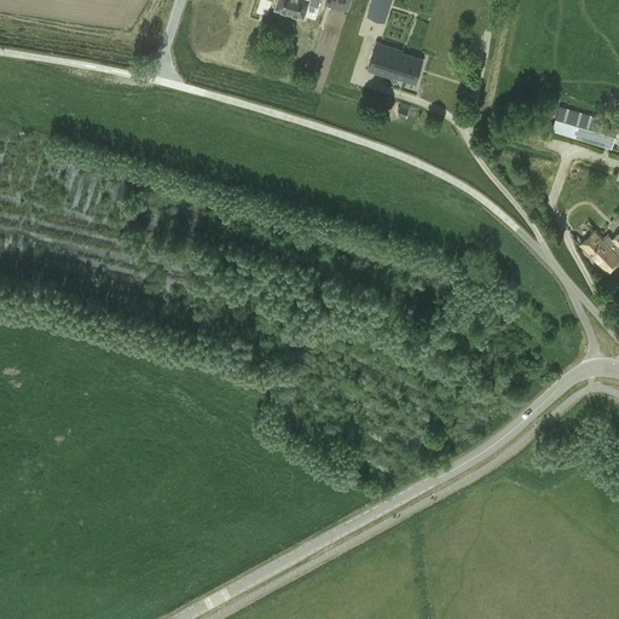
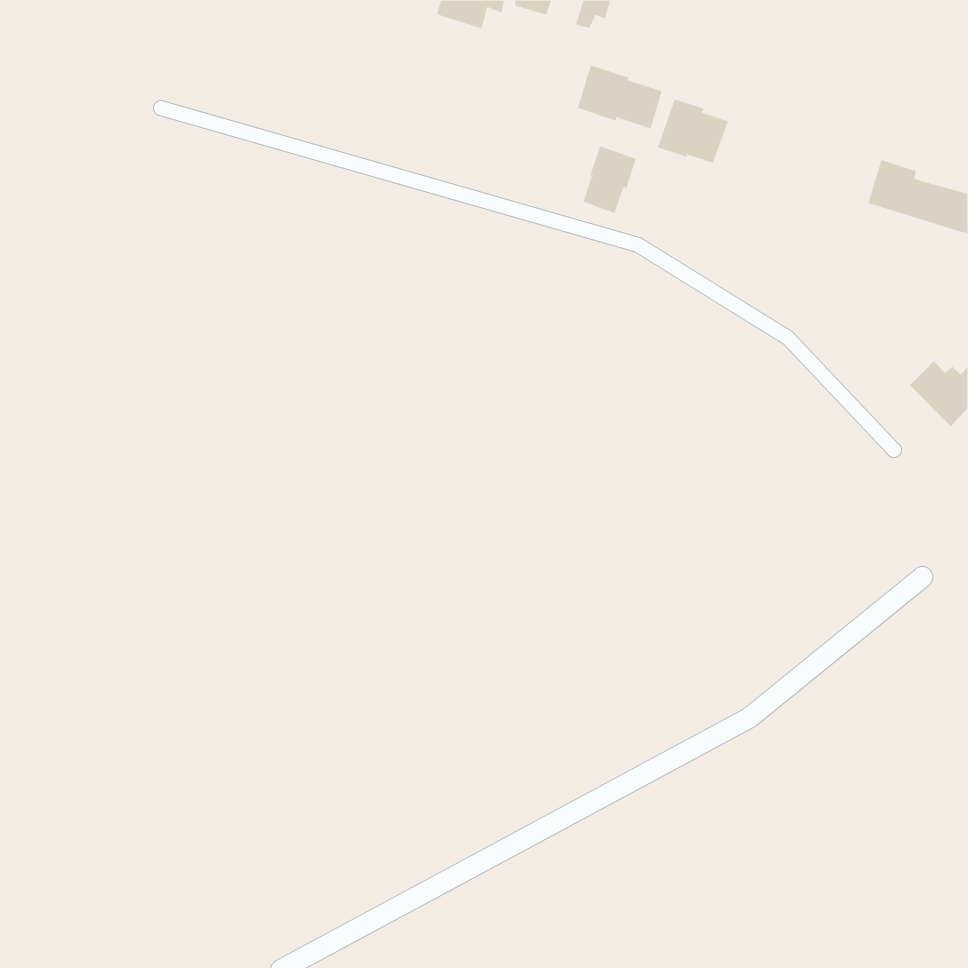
building: none -> [657,99,728,164]
building: none -> [583,145,637,214]

